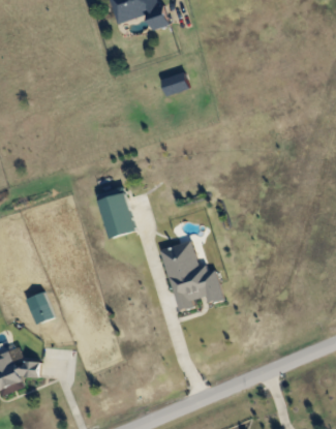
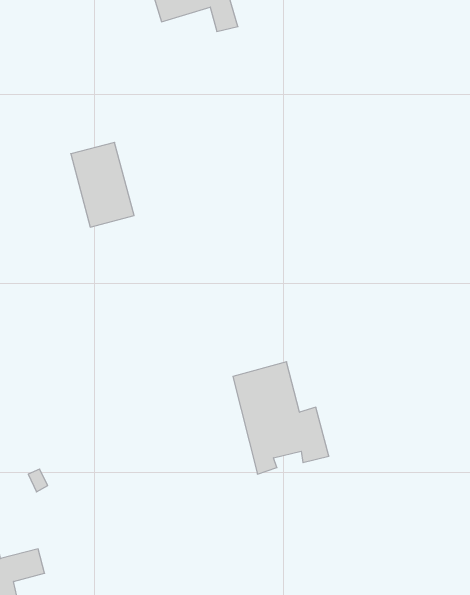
building: [160,72,188,96] -> none
building: [95,186,135,240] -> [71,142,134,227]

